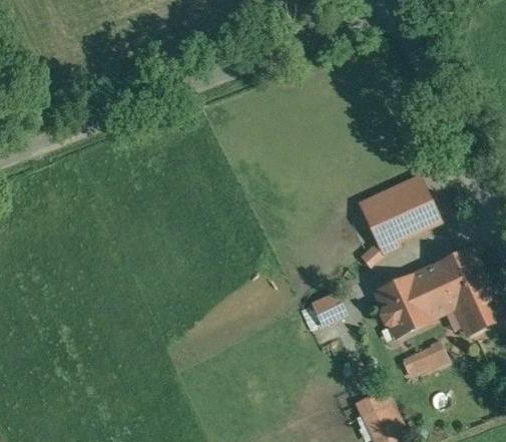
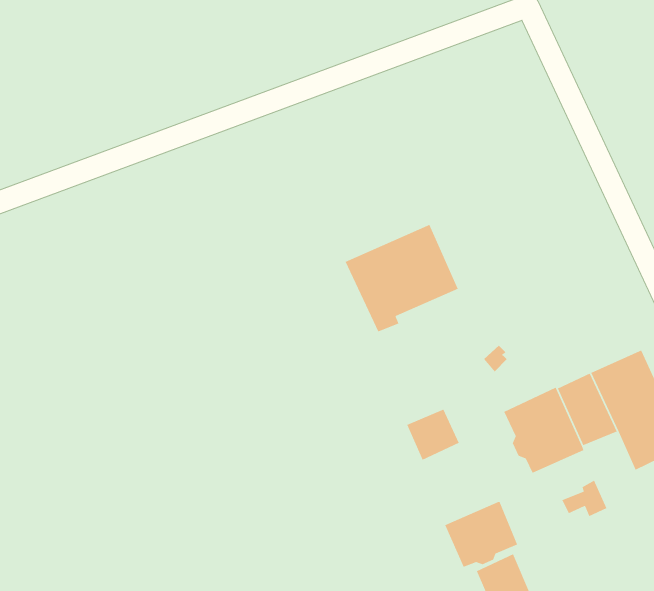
building: [359,178,438,254] -> [344,224,459,332]
building: none -> [444,501,518,568]

